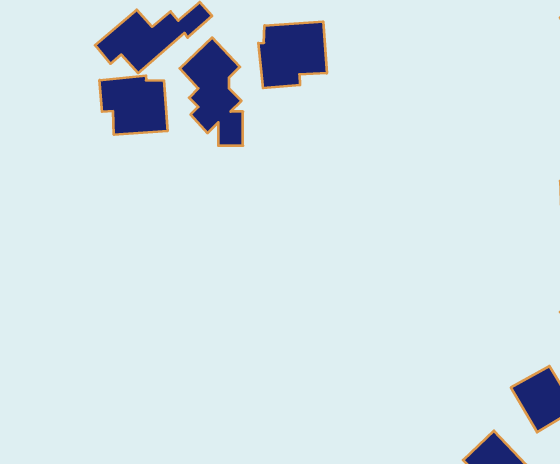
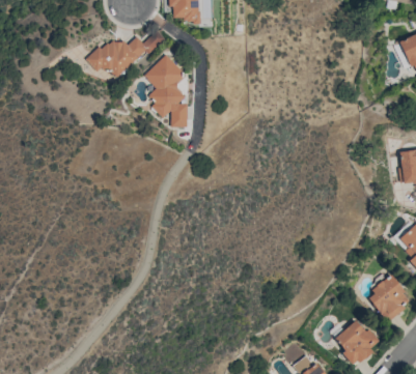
building: [258,22,327,88] -> none
building: [100,76,167,135] -> none

